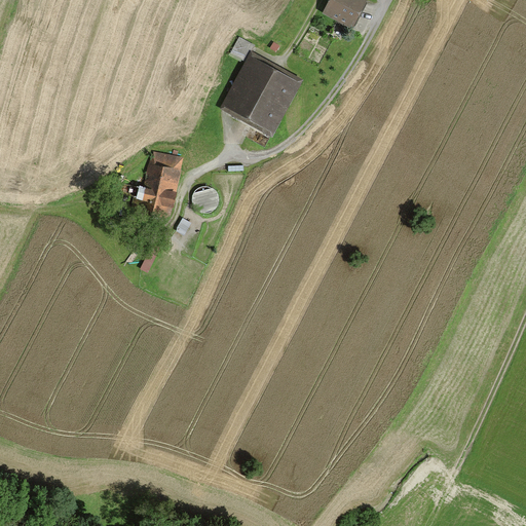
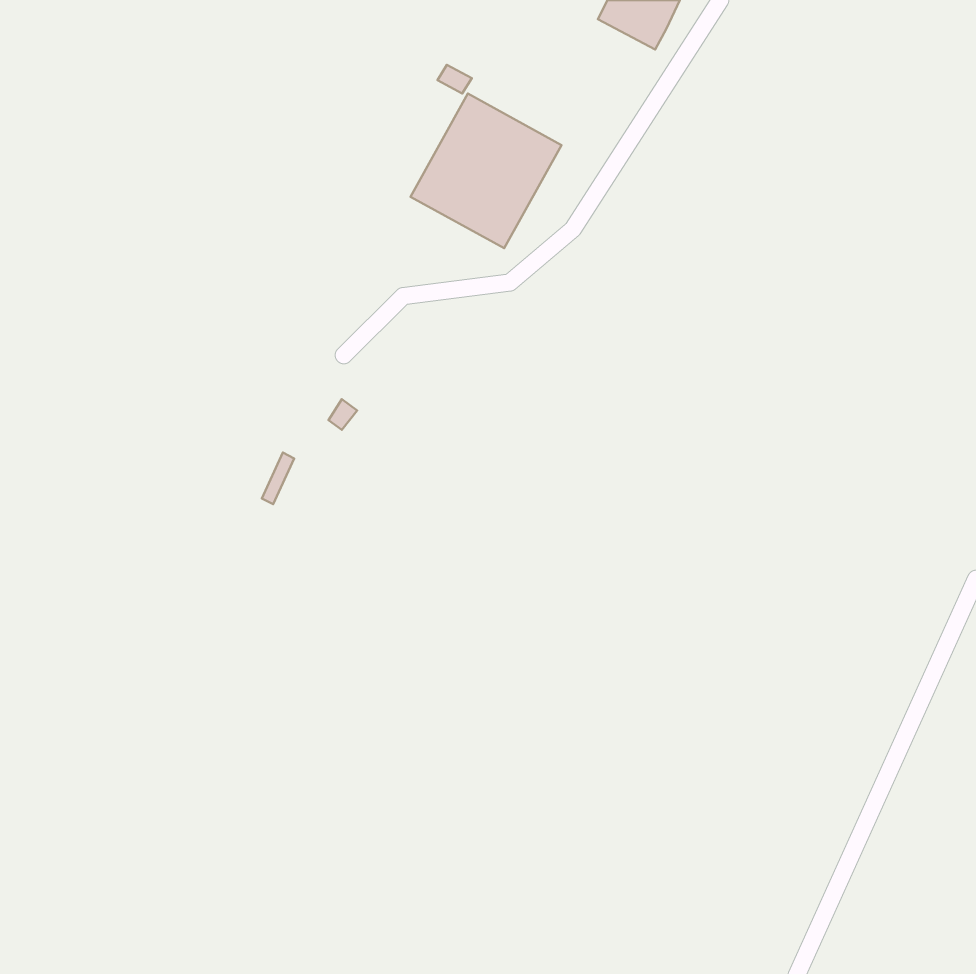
building: [133,150,184,217] -> none
building: [195,187,219,208] -> none

